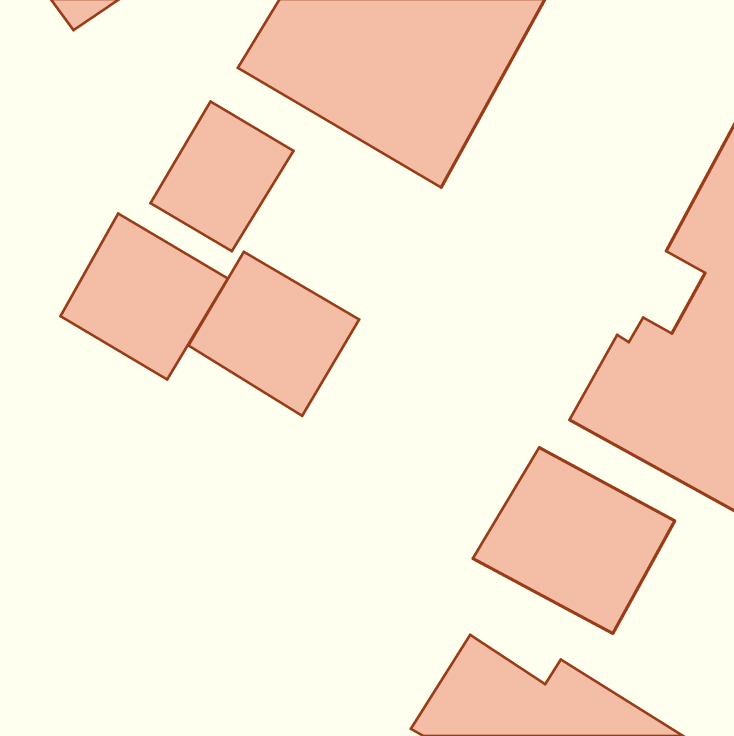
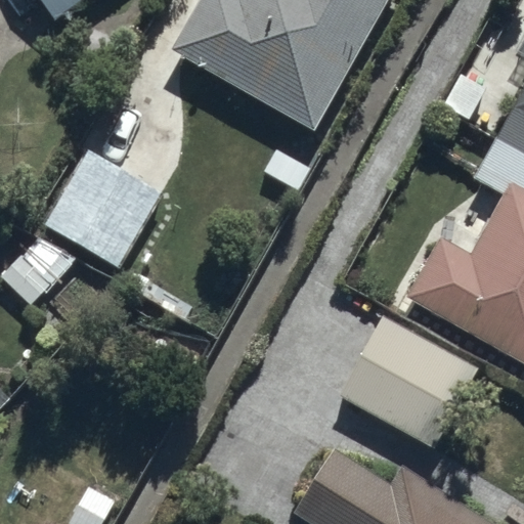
building: [151,101,294,251] -> none
building: [188,252,359,416] -> none

